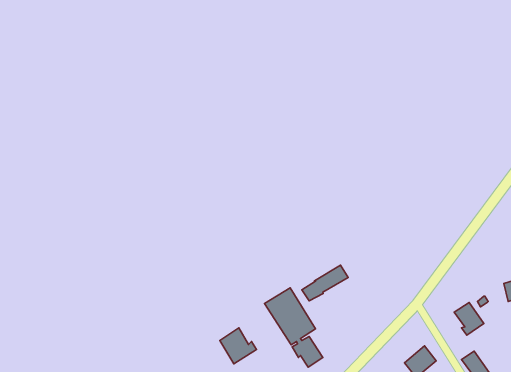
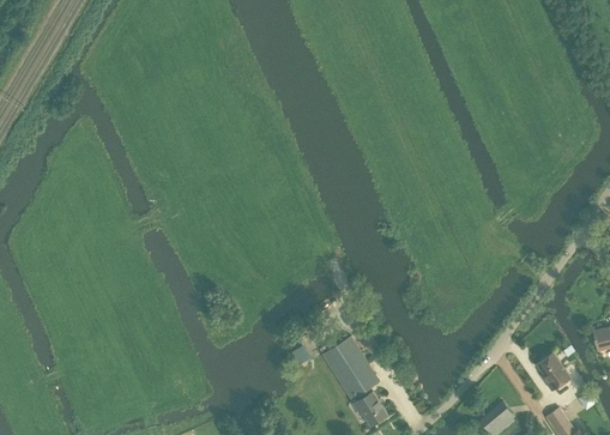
building: [302,265,348,301] -> none
building: [220,328,257,364] -> none

